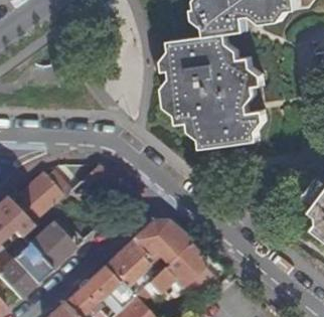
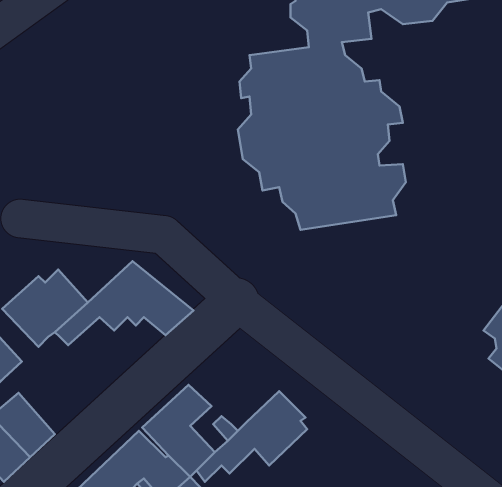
building: [28,224,72,273] -> none
building: [132,224,190,266] -> none

